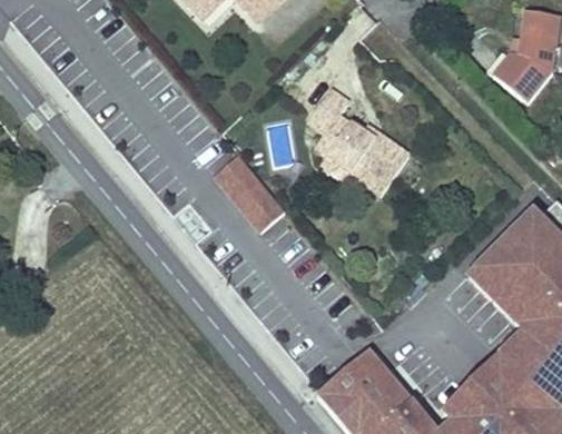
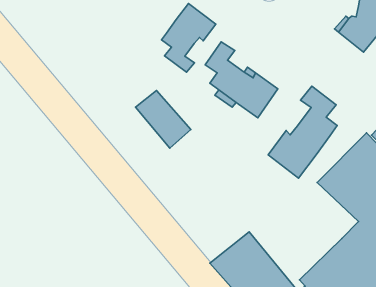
building: none -> [162,4,216,72]
building: none -> [268,86,337,178]

